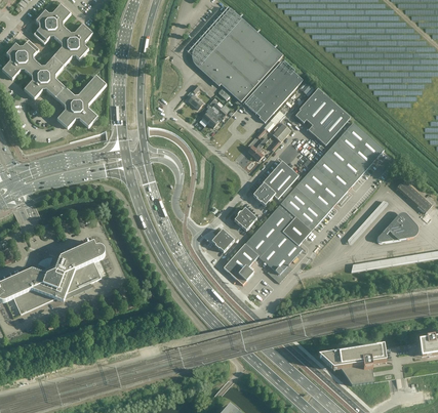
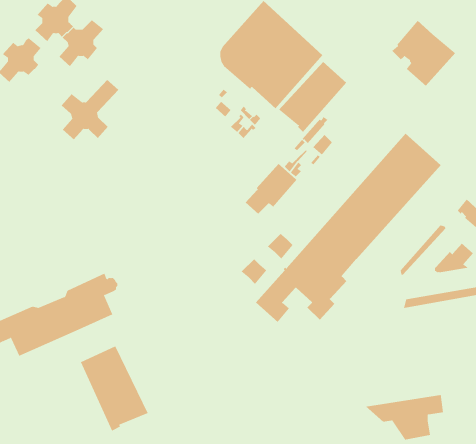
building: [24,55,65,97] -> none
building: [294,87,350,144] -> [391,20,456,87]
building: [252,160,297,204] -> [245,163,297,215]
building: none -> [80,345,149,432]

